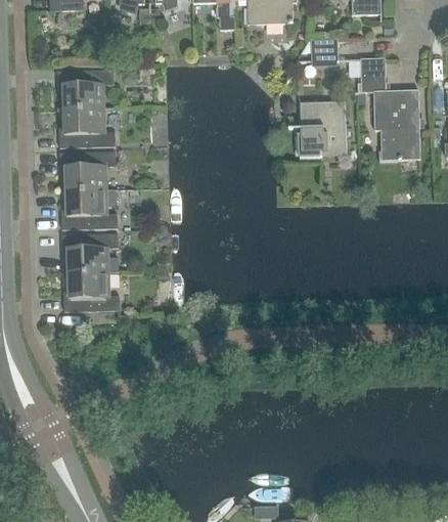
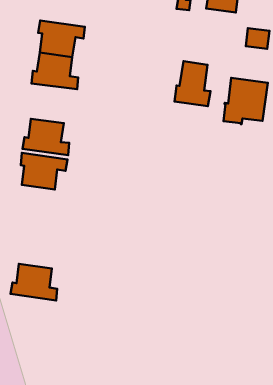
building: none -> [174,61,211,106]
building: [59,151,116,191] -> none
building: [63,272,120,311] -> [11,264,57,300]

